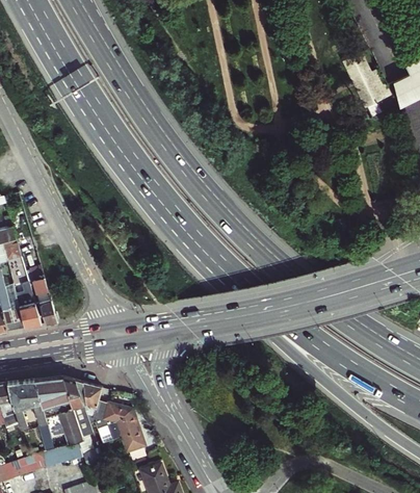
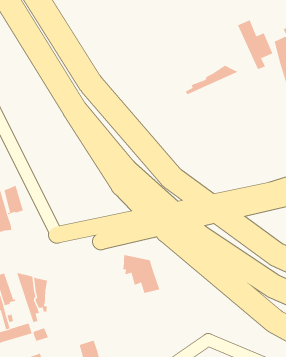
building: none -> [185,65,239,95]
building: none -> [4,185,23,215]
building: [47,378,82,445] -> none
building: [98,401,147,451] -> [122,255,160,294]

